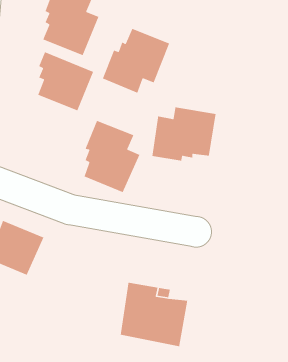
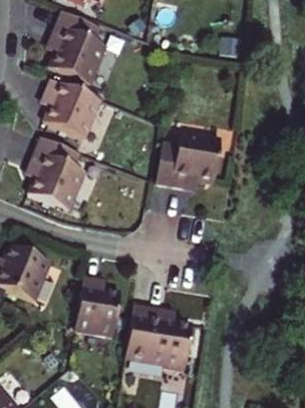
building: [102,28,170,94] -> none
building: [83,120,140,193] -> [29,137,85,210]
building: none -> [75,278,120,336]

